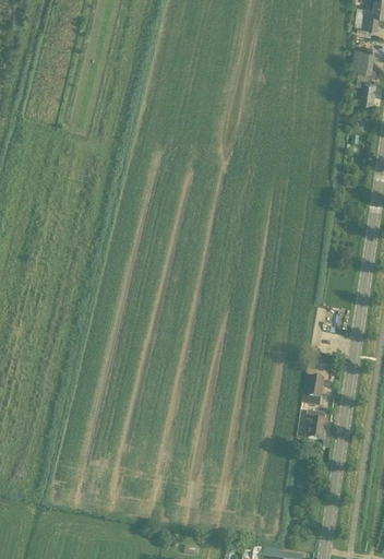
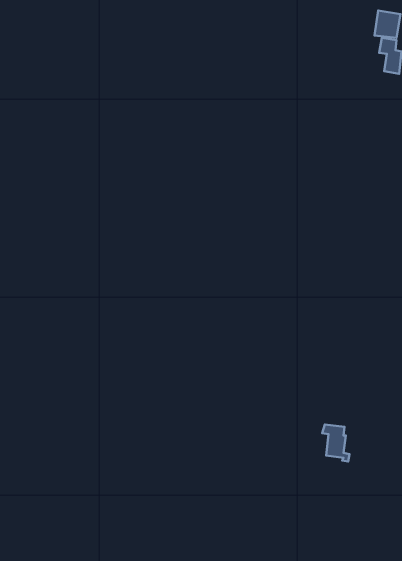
building: [302,374,325,404] -> none

